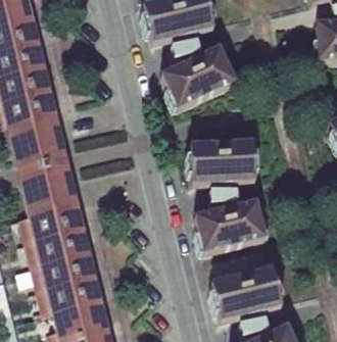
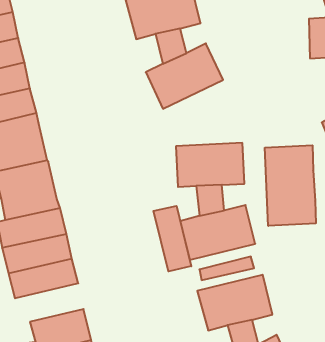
building: none -> [265,145,316,226]
building: none -> [153,206,191,271]
building: [37,275,102,314] -> none

